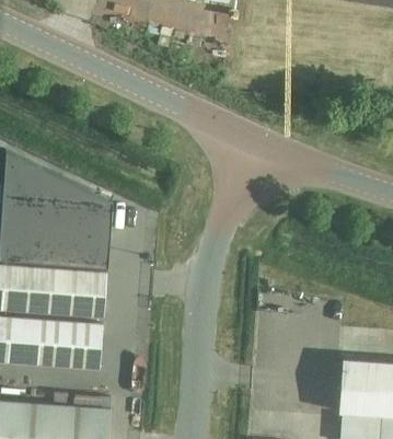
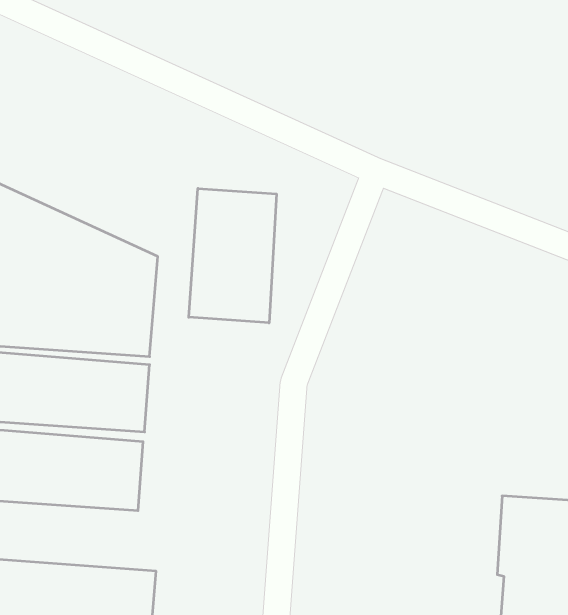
building: none -> [189,188,276,323]

